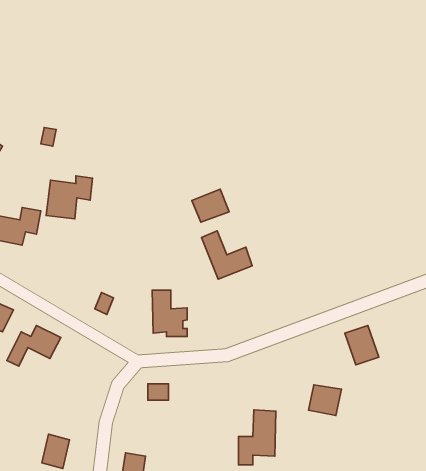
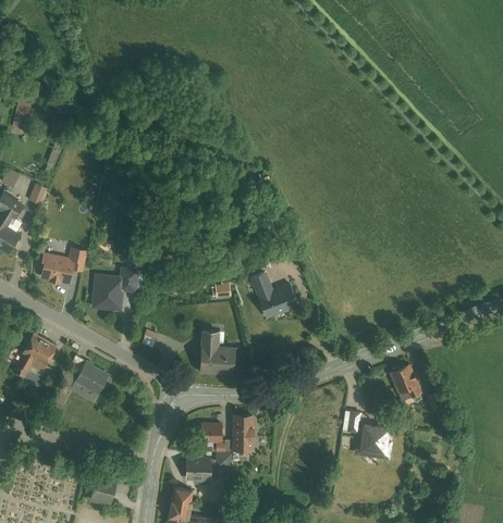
building: [46,176,92,219] -> [93,267,138,310]
building: [192,189,229,222] -> none
building: [238,410,276,465] -> [217,413,254,468]
building: none -> [187,457,211,486]

